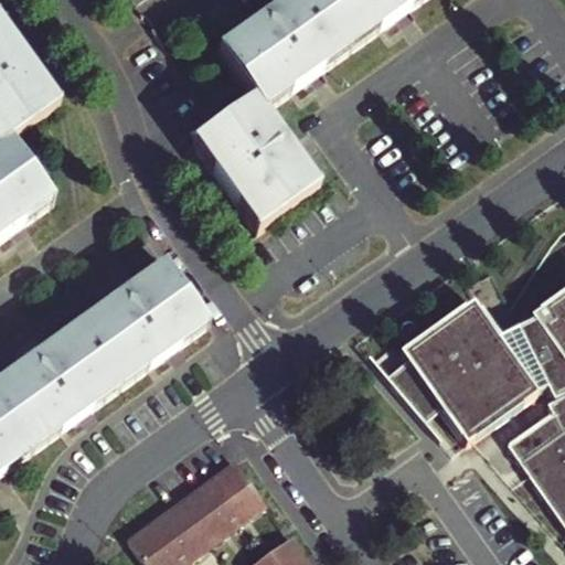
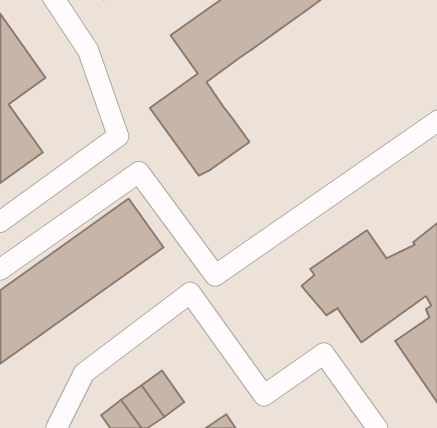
building: [210,458,266,519] -> none

